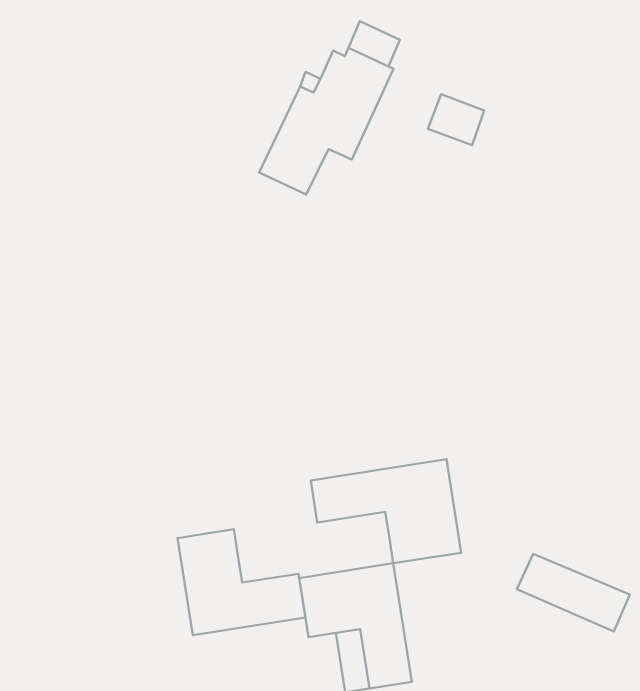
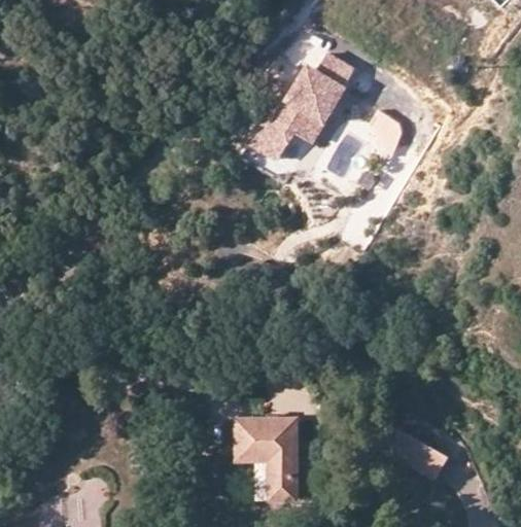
building: [311,459,461,563] -> none
building: [178,529,305,635] -> none

